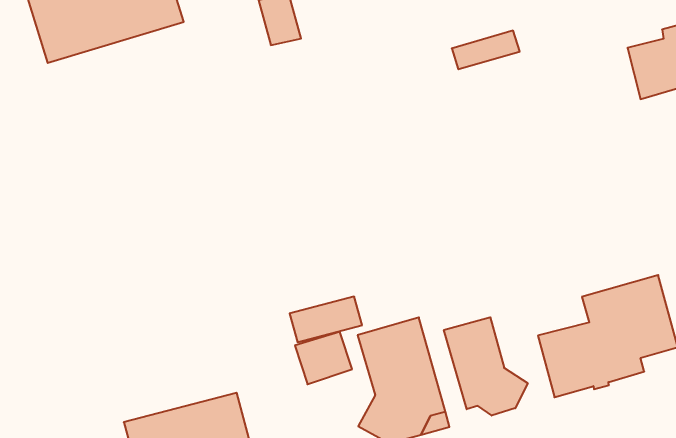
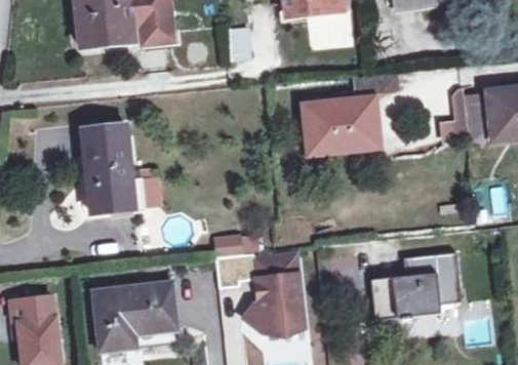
building: none -> [298,99,367,147]
building: none -> [84,123,135,206]
building: [444,317,528,416] -> none

